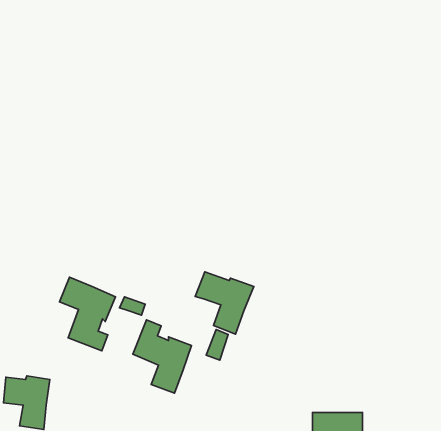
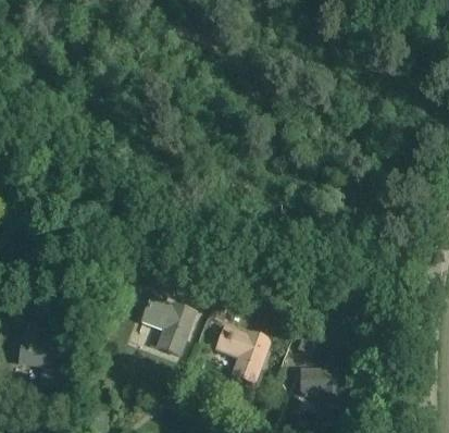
building: [195,272,254,334] -> [215,327,267,383]
building: [59,277,115,351] -> none

